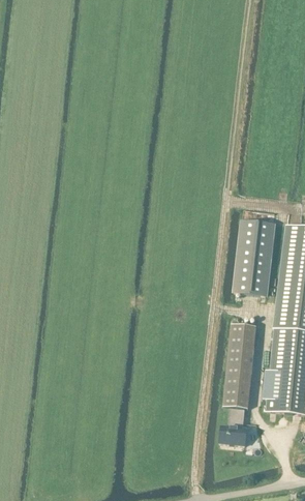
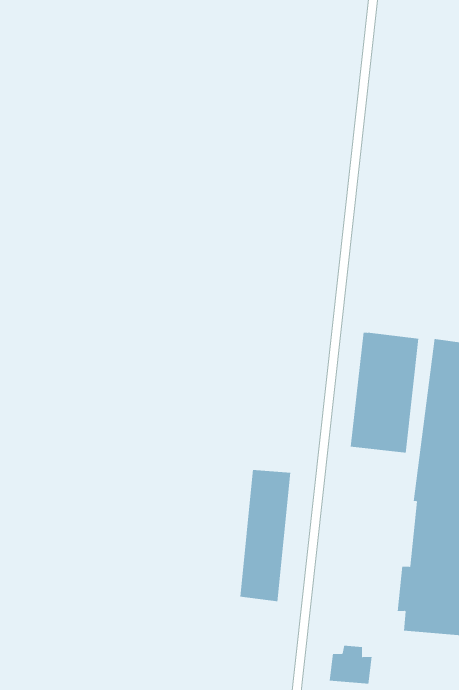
building: [223,323,256,408] -> [239,469,291,602]

